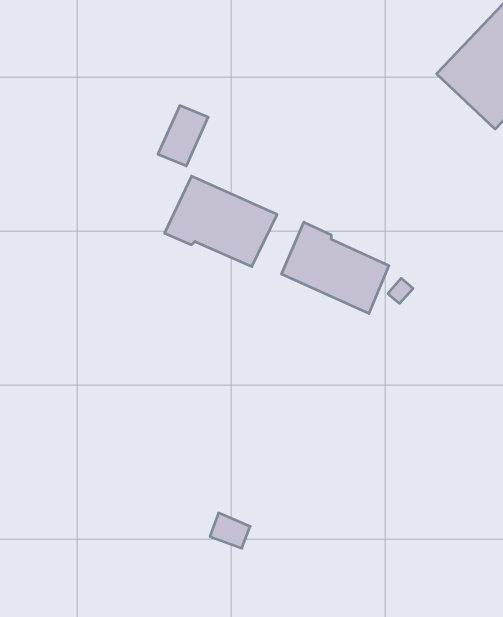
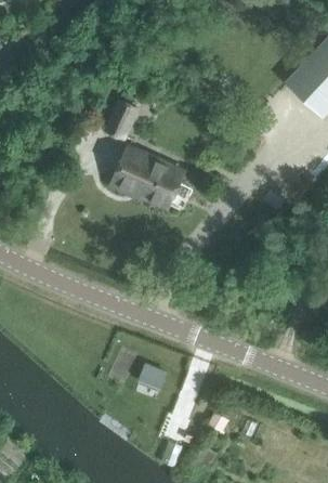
building: [282,222,389,314] -> none

